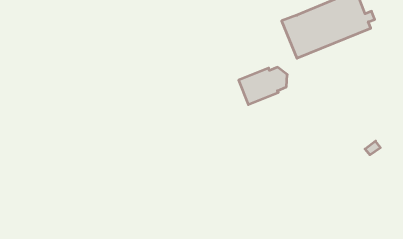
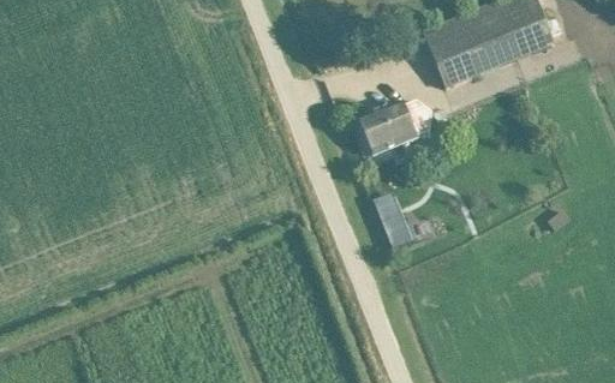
building: none -> [372,196,411,252]

